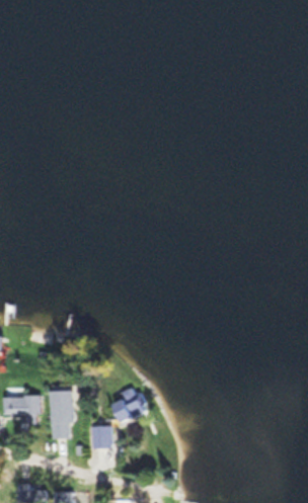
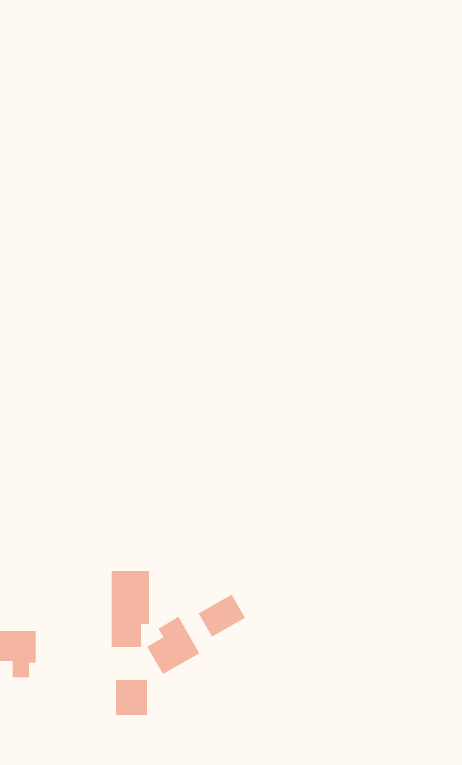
building: none -> [198,594,246,638]
building: [51,390,75,437] -> [111,571,150,647]

